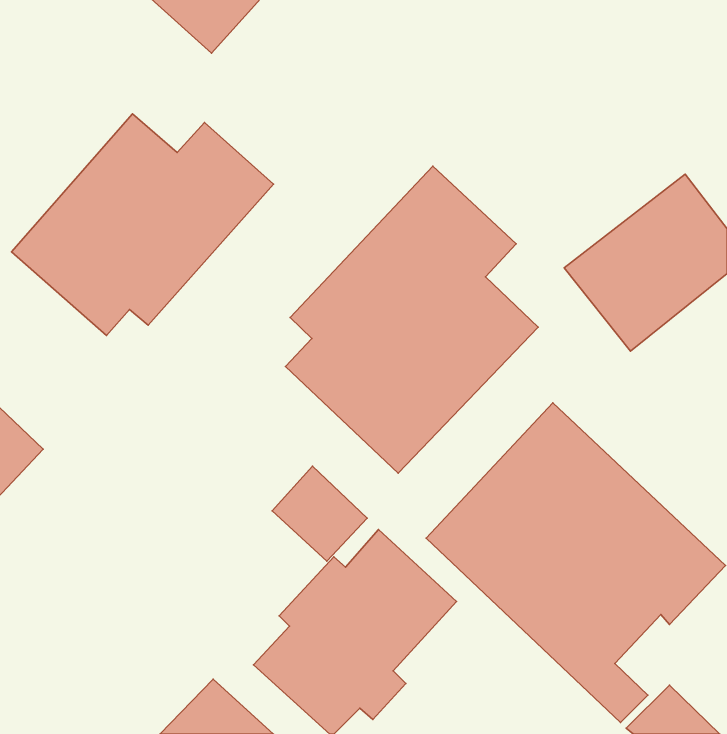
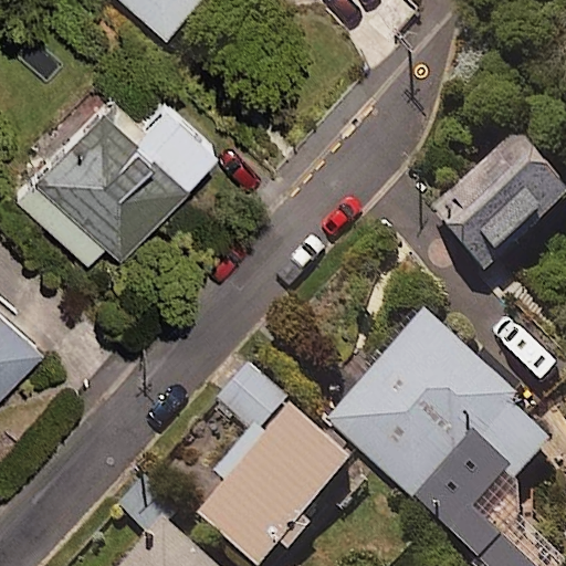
building: [286,166,538,473] -> none

